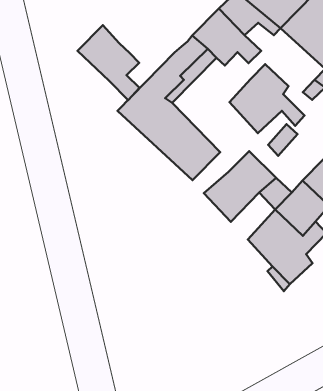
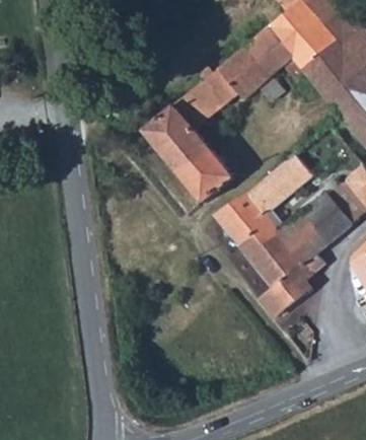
building: [78,25,140,100] -> none
building: [230,64,305,133] -> none
building: none -> [235,220,278,263]

